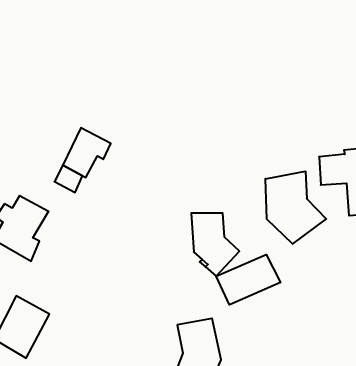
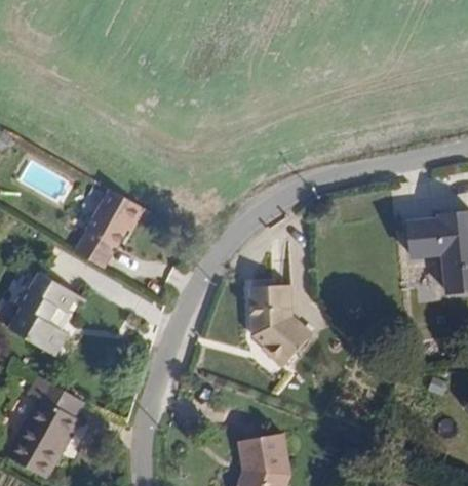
building: [265,171,326,244] -> none
building: [216,255,280,305] -> none
building: none -> [26,372,86,418]

